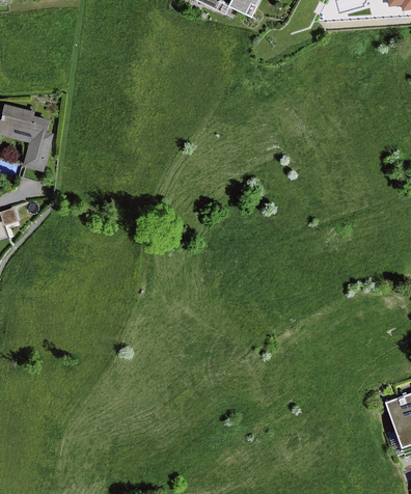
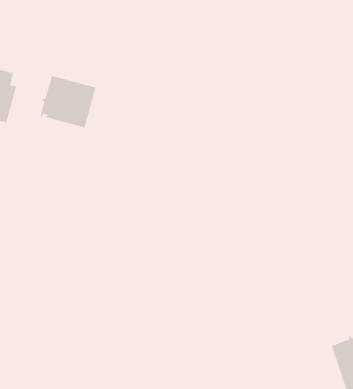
building: none -> [40,75,96,128]

